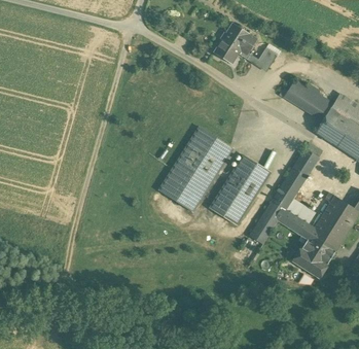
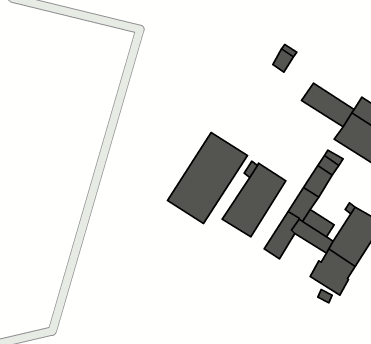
building: [214,24,257,64] -> none

